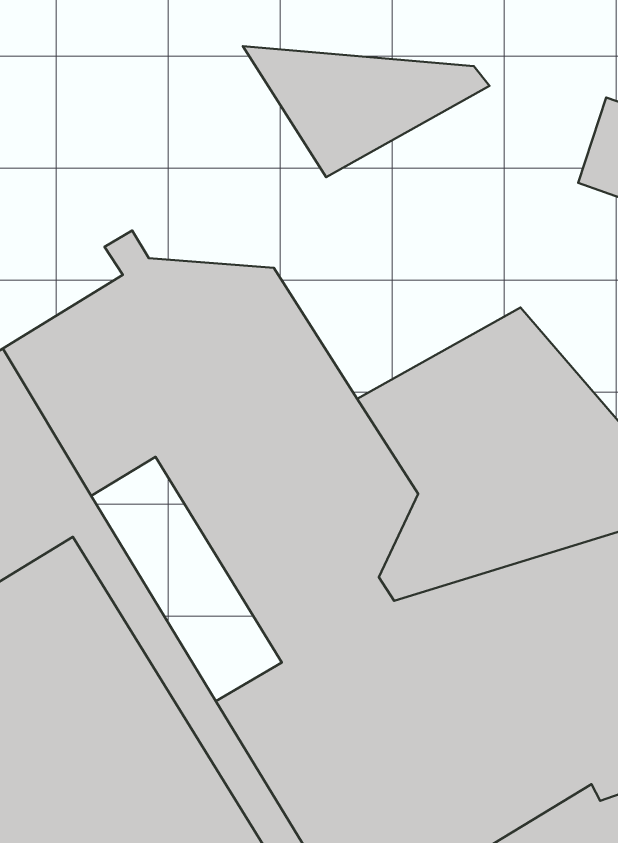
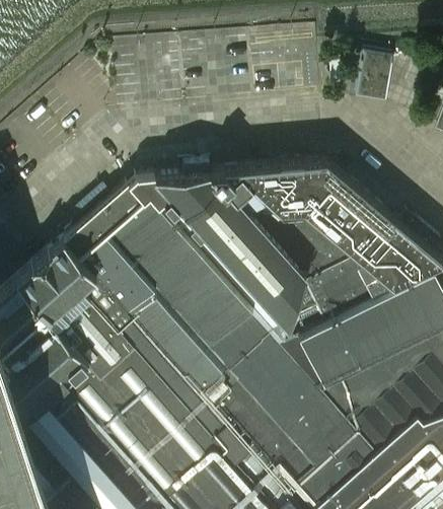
building: [243,46,490,177] -> [200,165,334,237]
building: none -> [124,286,239,410]

